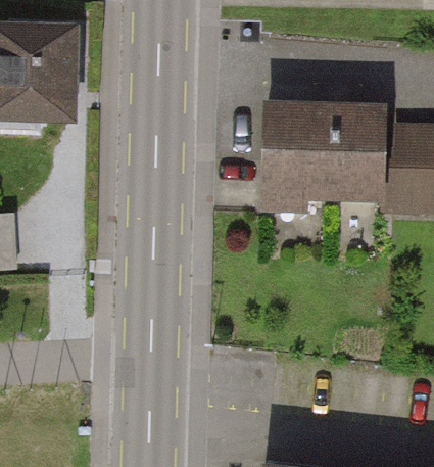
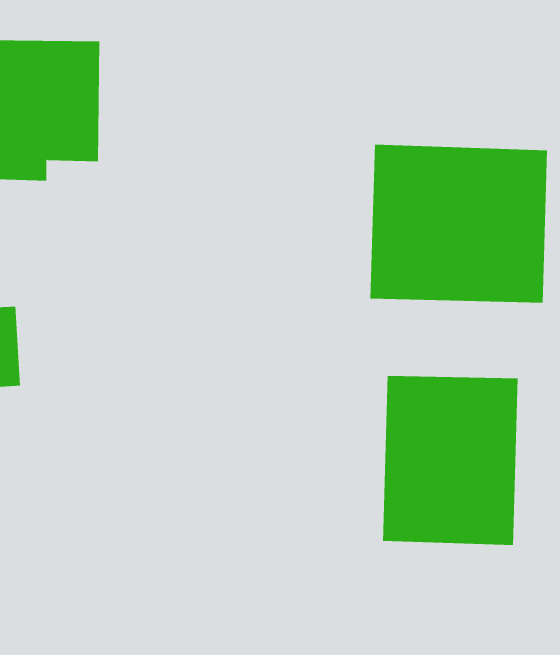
building: none -> [383,375,518,546]

